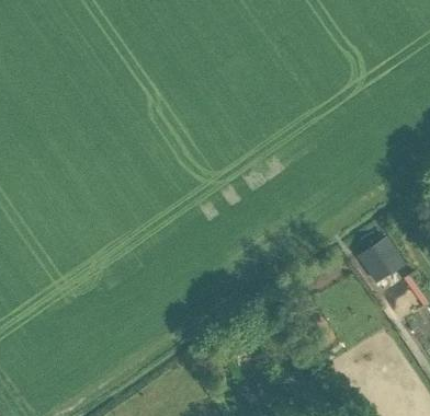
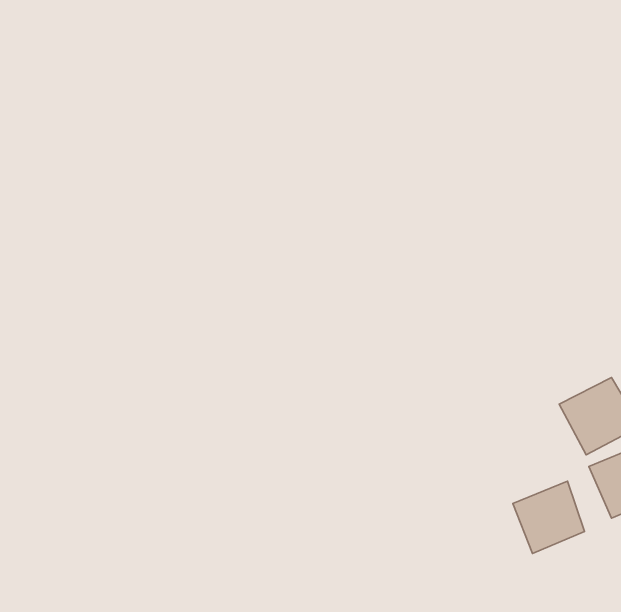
building: none -> [513,481,585,553]

